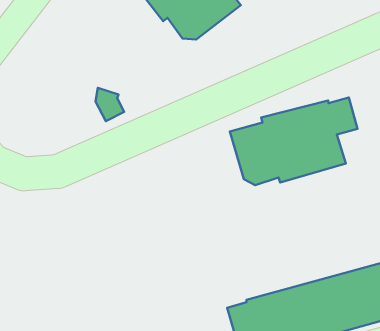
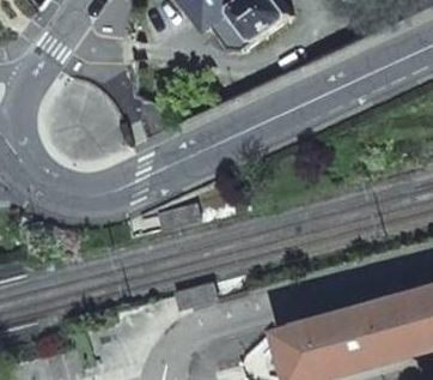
building: [230,98,357,185] -> none

